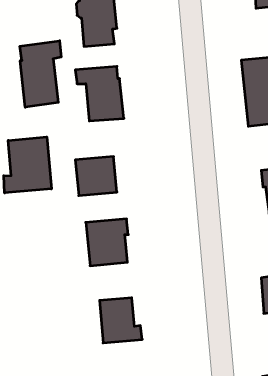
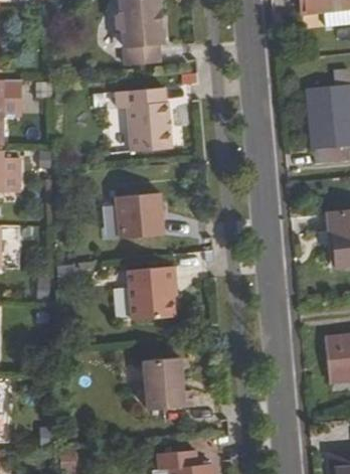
building: [20,41,61,107] -> none
building: [4,137,51,193] -> none

